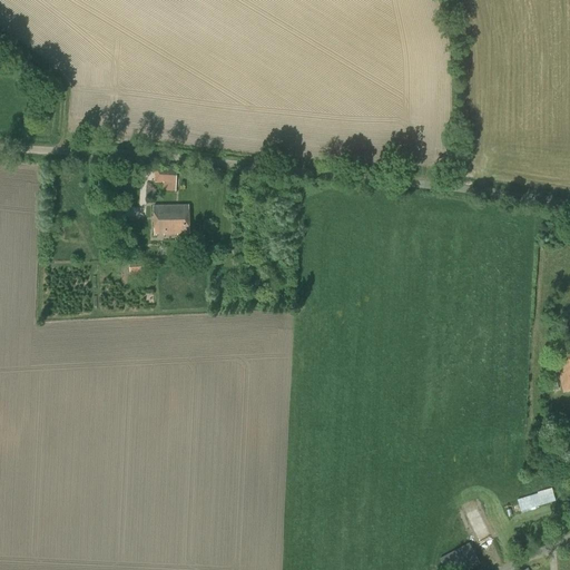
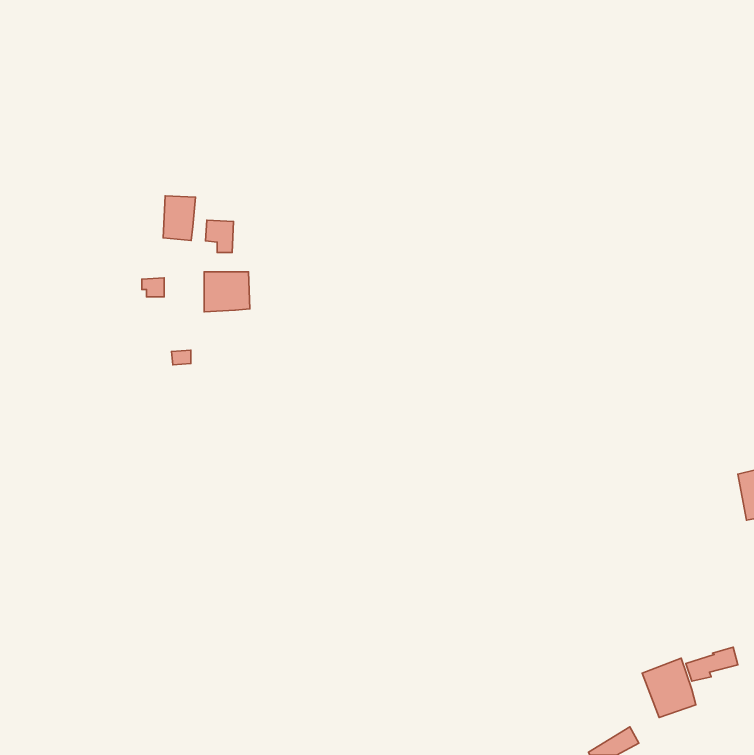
building: none -> [163,196,195,240]
building: none -> [642,658,696,718]

